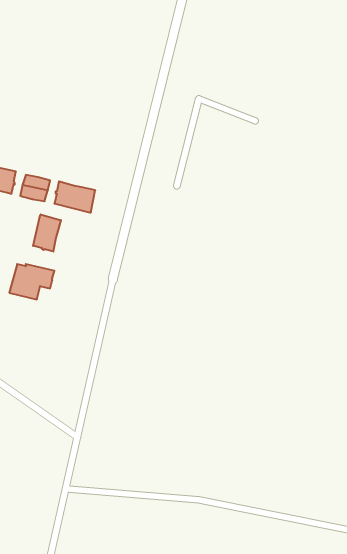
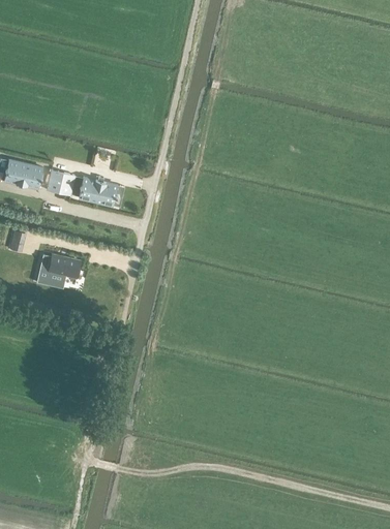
building: [33,214,61,252] -> none

